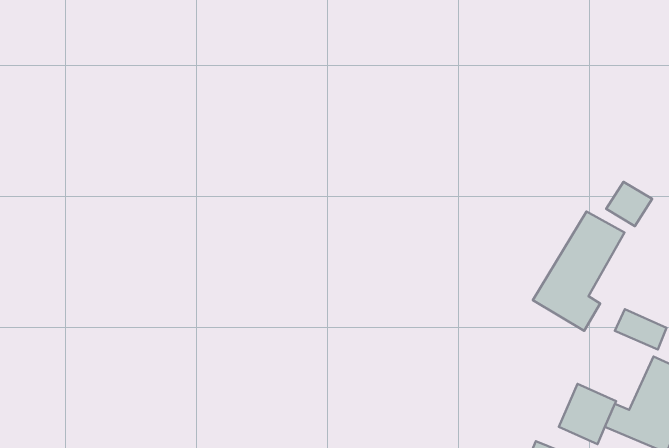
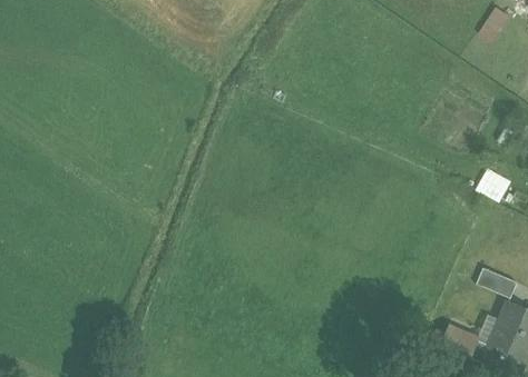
building: [533,211,625,331] -> none

